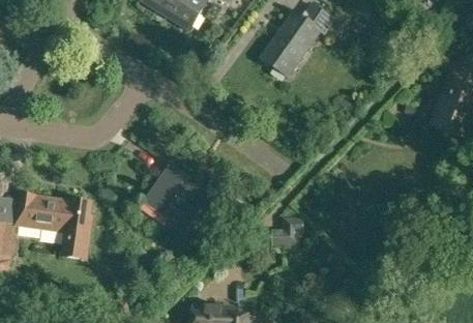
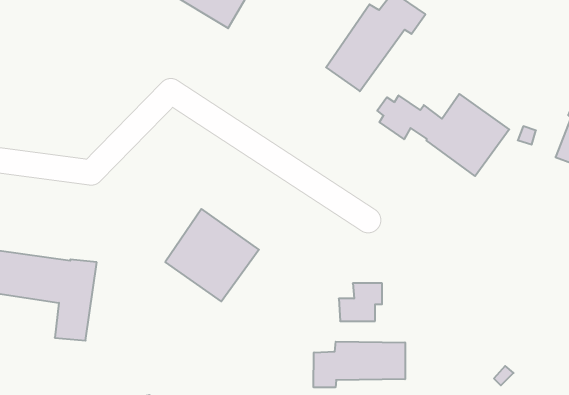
building: none -> [377,94,509,176]
building: none -> [314,342,405,387]

